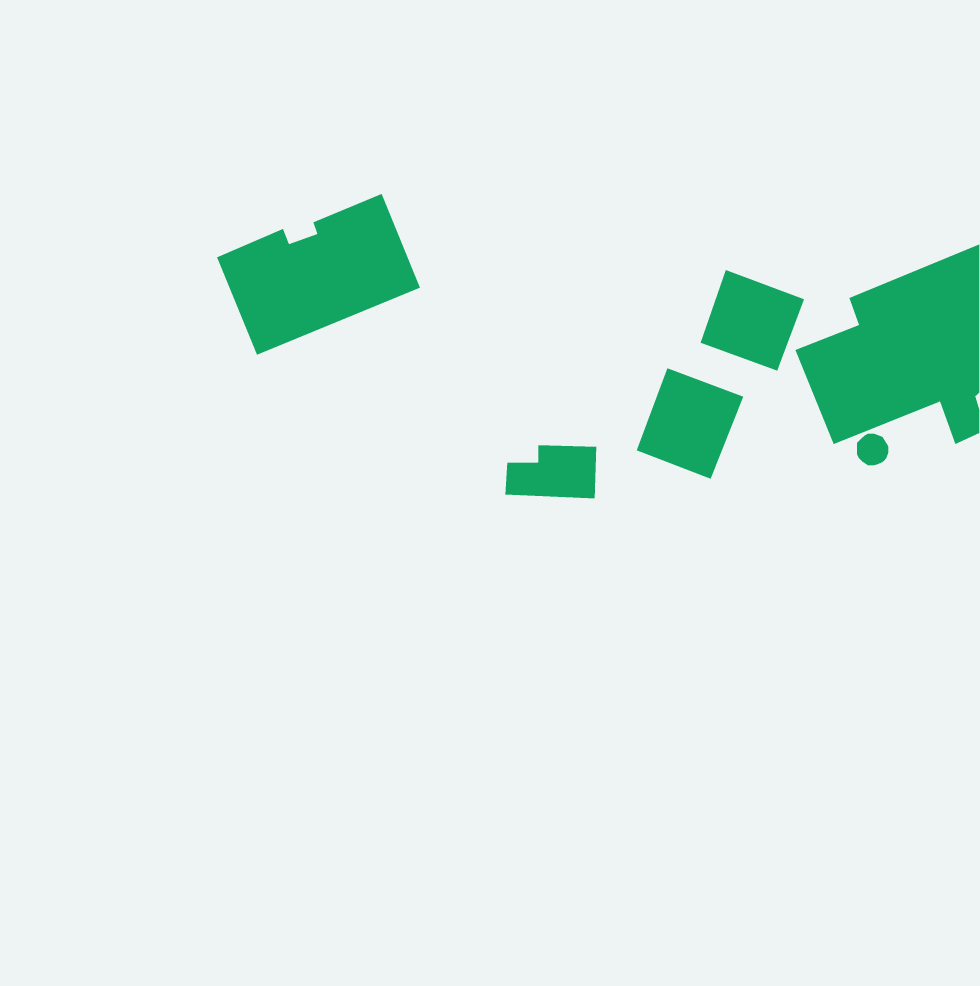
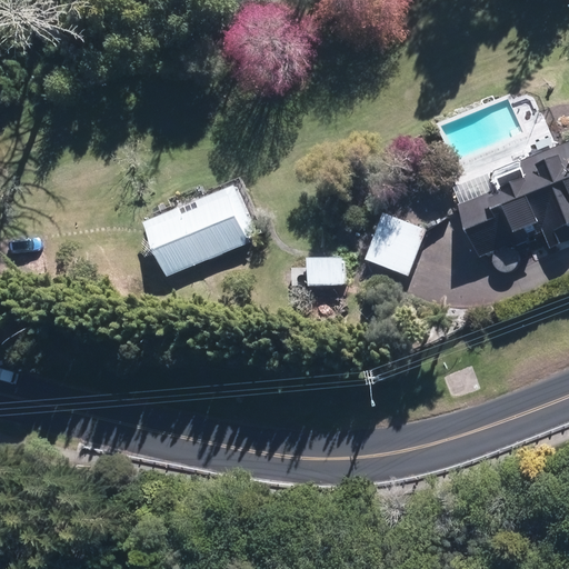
building: [216,193,421,356] -> [143,184,261,278]
building: [700,269,805,372] -> none

